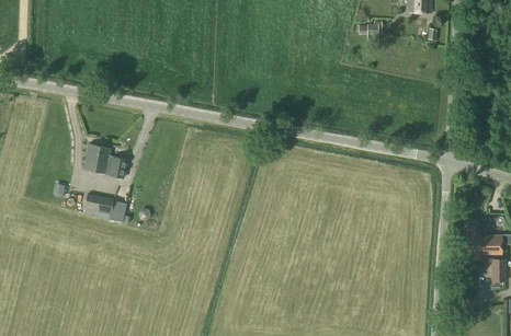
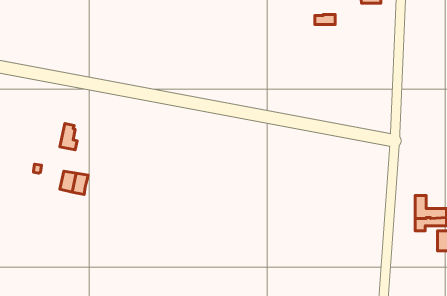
building: [98,146,127,178] -> none

